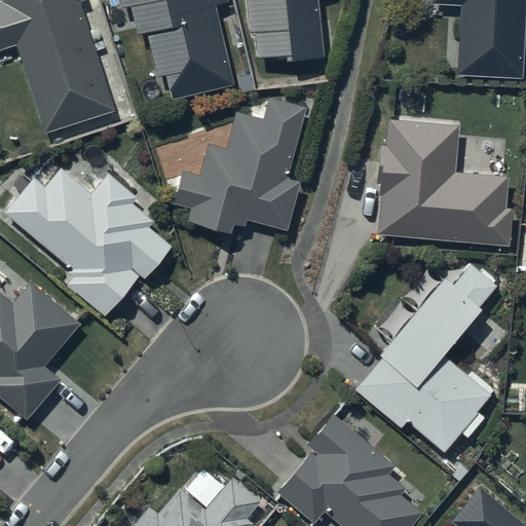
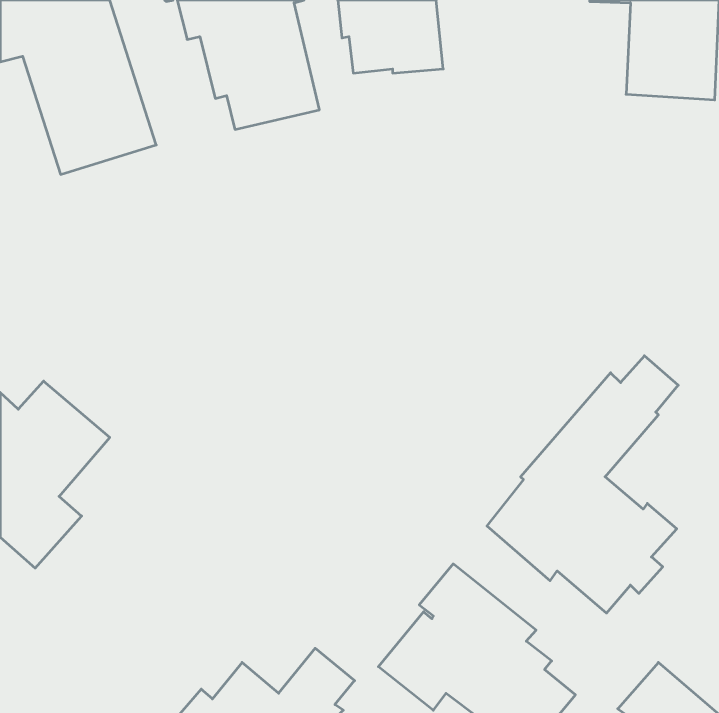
building: [174,99,303,231] -> none
building: [375,119,513,246] -> none
building: [4,168,171,315] -> none

